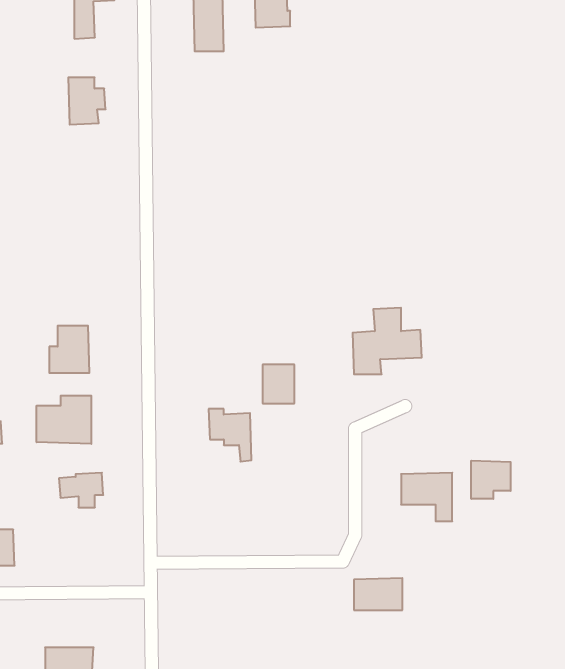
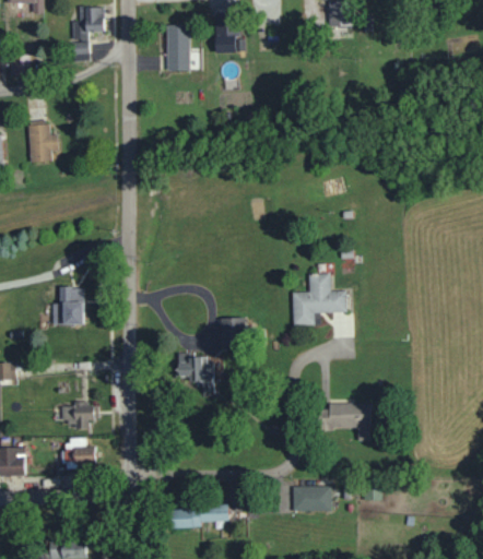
building: [68,77,106,125] -> [28,126,58,163]
building: [37,396,91,444] -> none
building: [471,461,511,499] -> none
building: none -> [64,438,96,464]
building: none -> [176,507,229,528]

